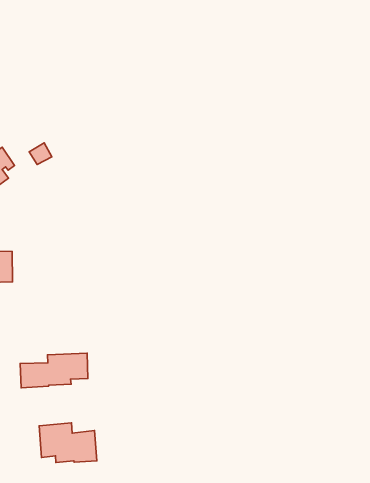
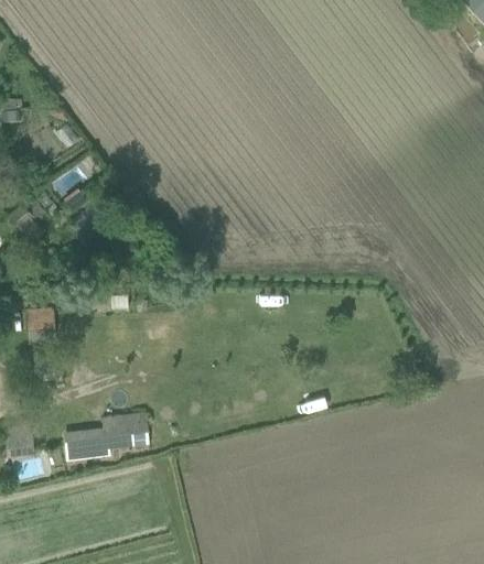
building: [39,423,97,462] -> none

